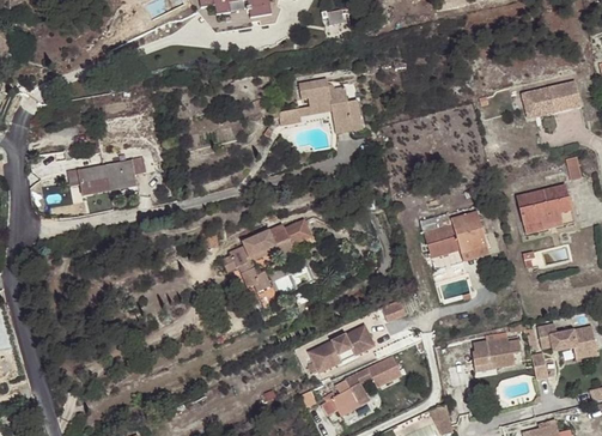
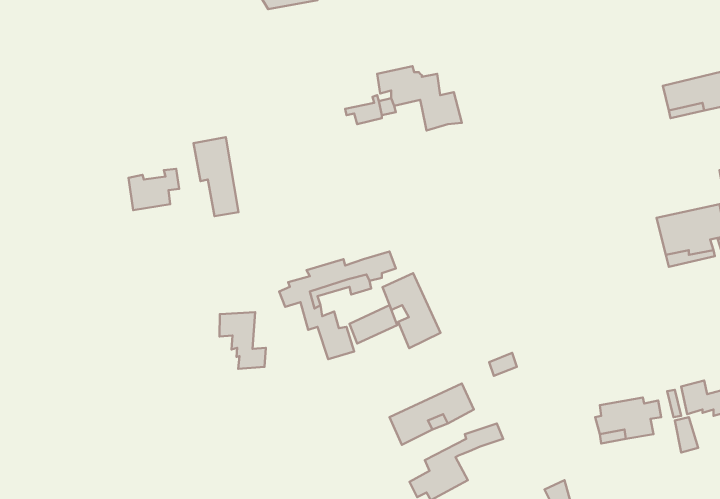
building: none -> [193,137,239,216]
building: [67,164,109,194] -> none
building: [420,211,486,258] -> none
building: none -> [383,273,441,348]
building: none -> [219,312,266,369]

